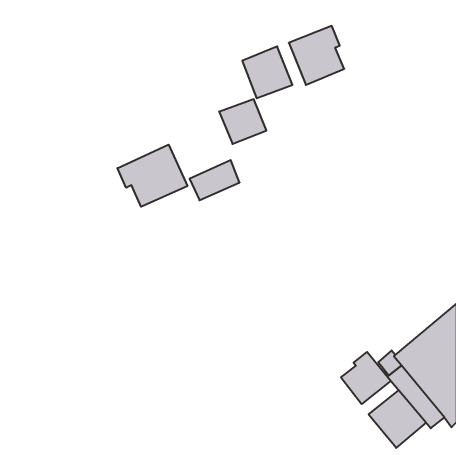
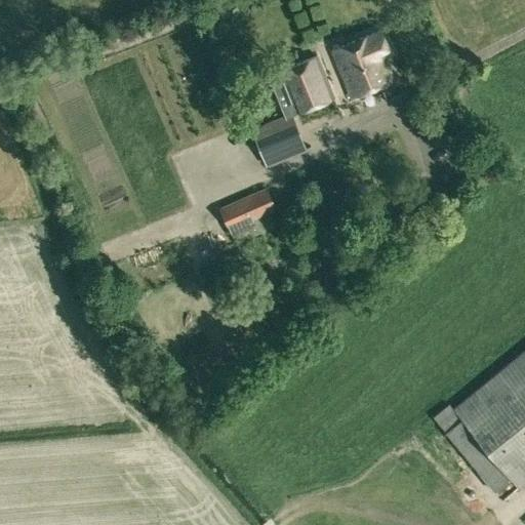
building: [117,145,187,207] -> none
building: [341,352,391,404] -> none
building: [369,390,426,448] -> none

